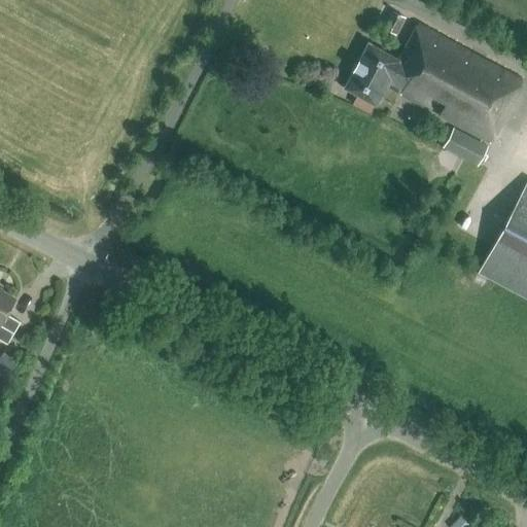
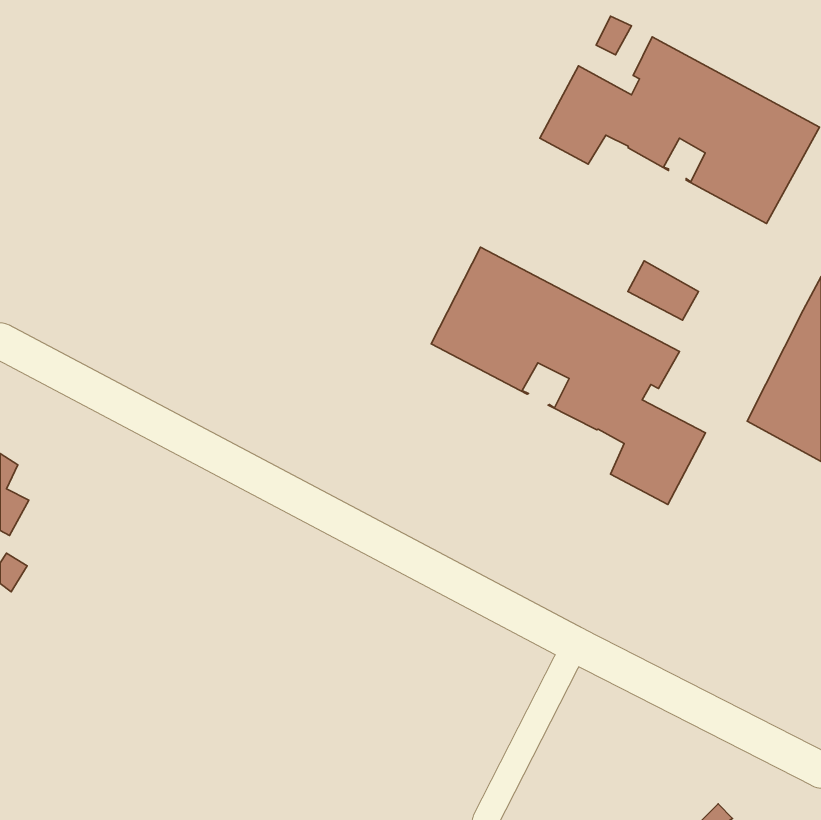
building: [444,128,489,166] -> [628,261,699,320]
building: none -> [431,247,706,504]

